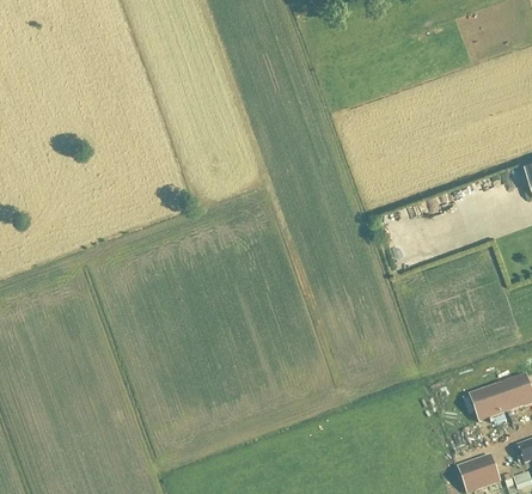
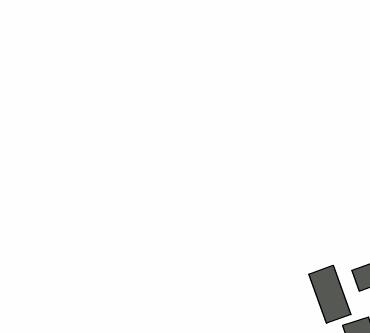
building: none -> [309,265,351,323]

